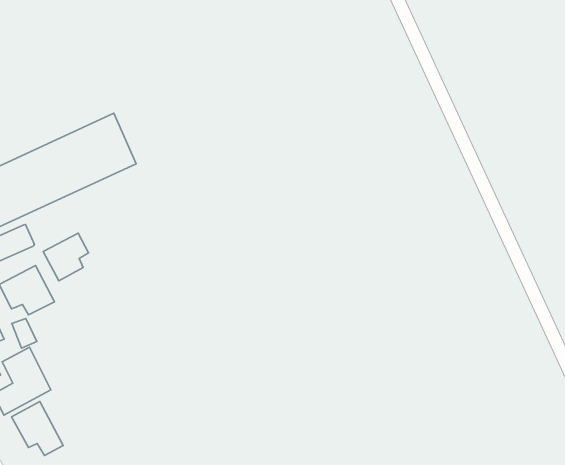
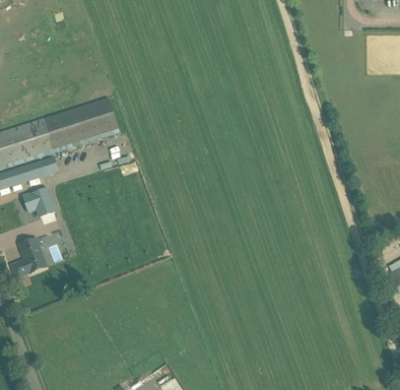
building: [43,233,89,281] -> none
building: [11,402,63,456] -> none

